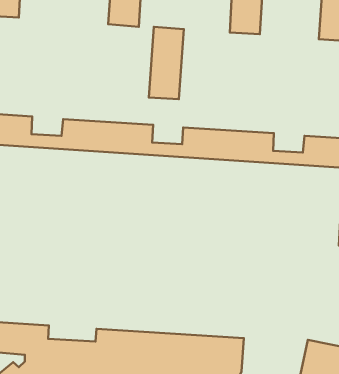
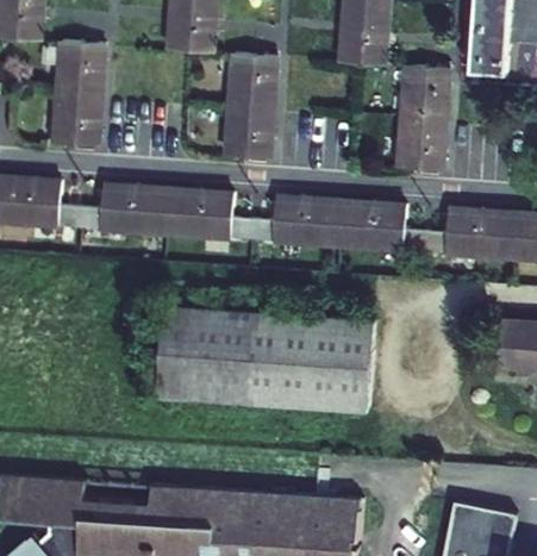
building: none -> [54,42,105,145]
building: none -> [398,67,448,170]
building: none -> [157,306,374,410]

